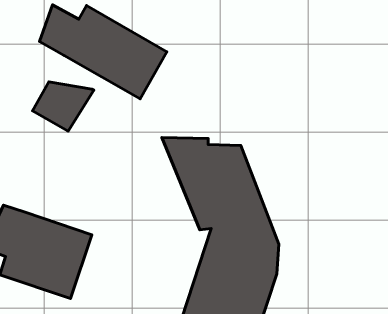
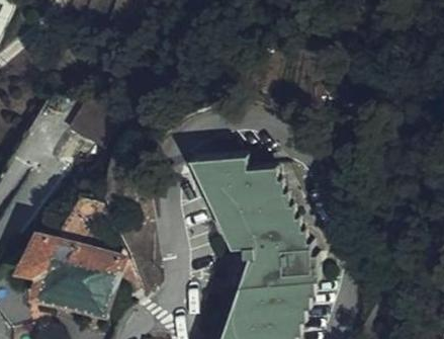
building: [40,5,167,99] -> none

